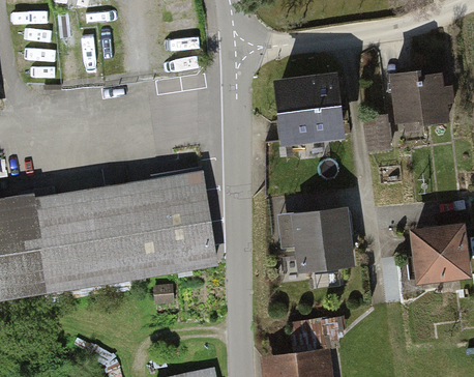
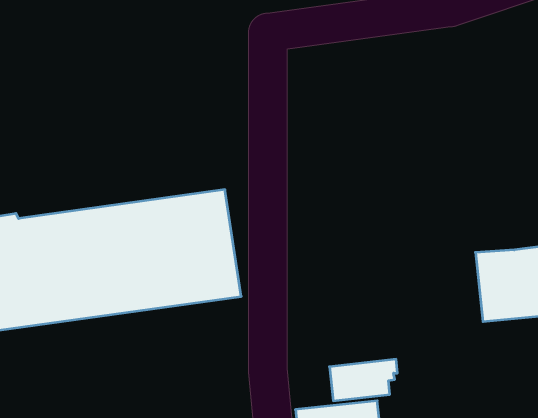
building: [273,71,344,148] -> none
building: [391,72,452,130] -> none
building: [279,208,354,272] -> none

